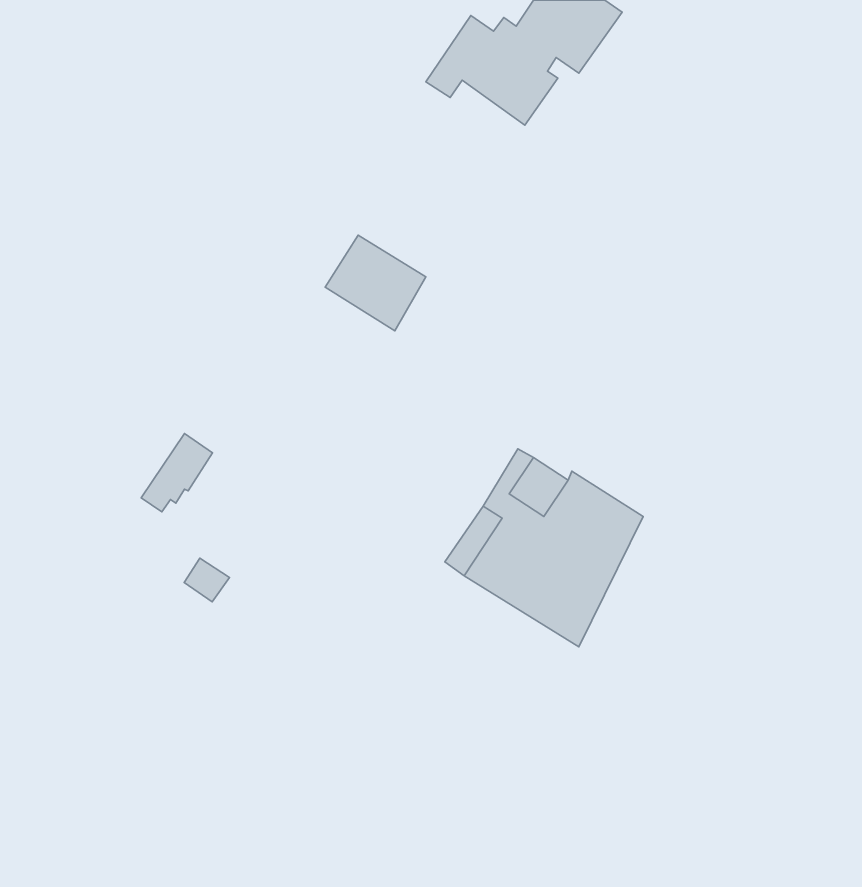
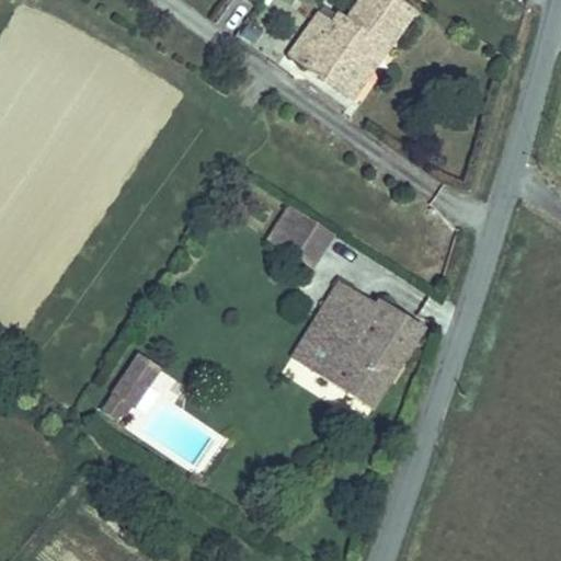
building: none -> [300,37,381,96]
building: [325,235,426,331] -> [265,205,329,265]
building: [141,434,212,512] -> [105,368,150,417]

